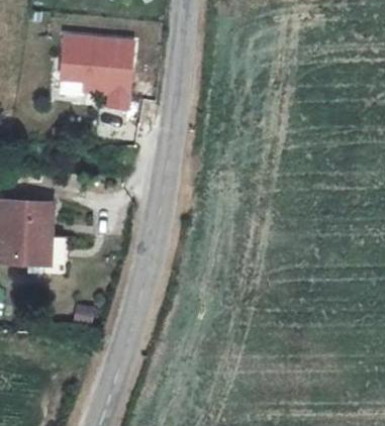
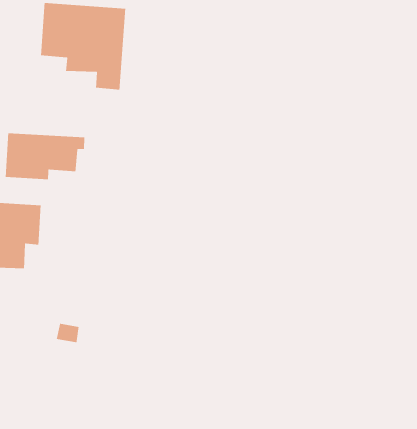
building: none -> [5,133,85,180]

